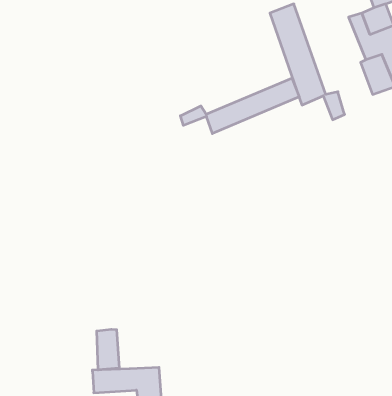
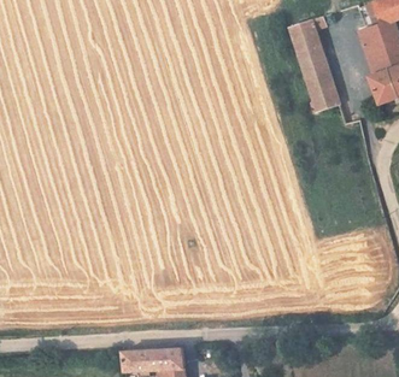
building: [180,78,299,134] -> none
building: [97,329,119,370] -> none

